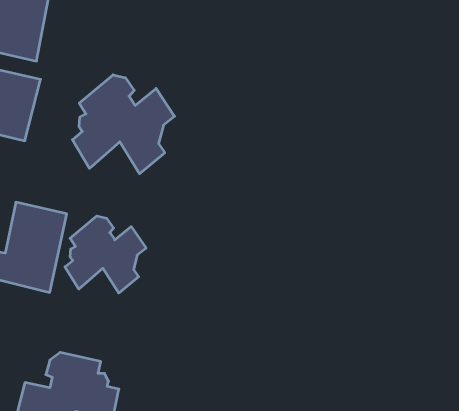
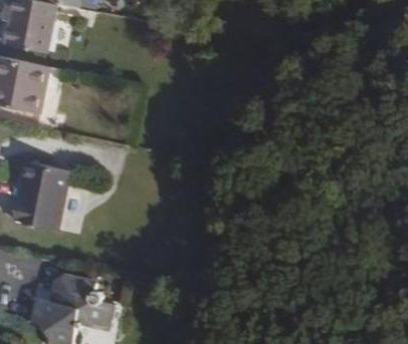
building: [72,75,175,174] -> none
building: [65,216,146,293] -> none

